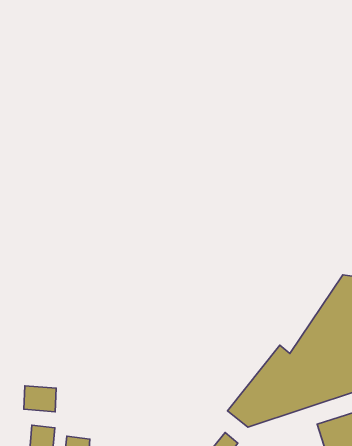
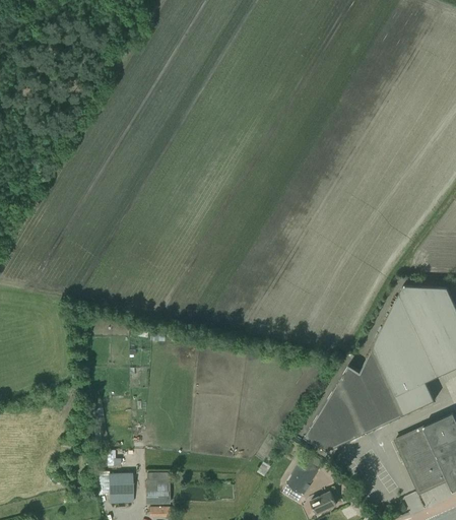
building: [24,386,56,412] -> none

